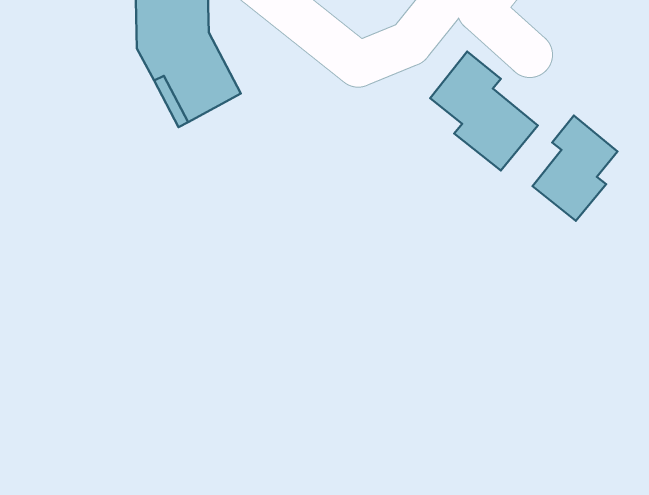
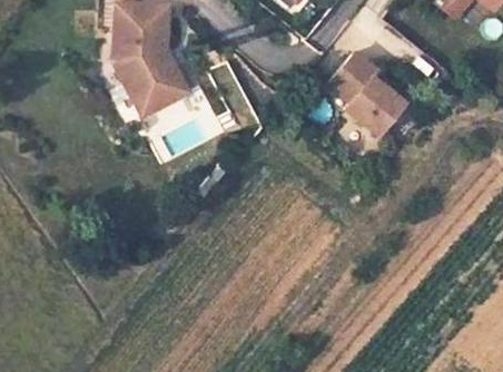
building: [533,115,618,221] -> none

